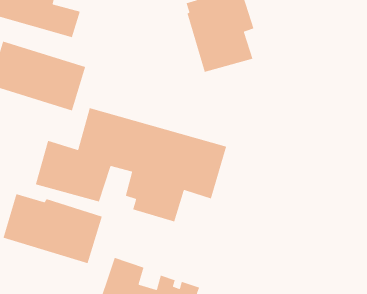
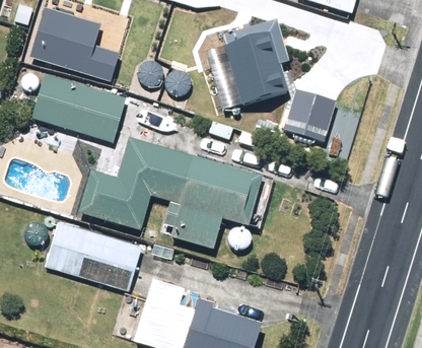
building: none -> [284,85,335,138]

